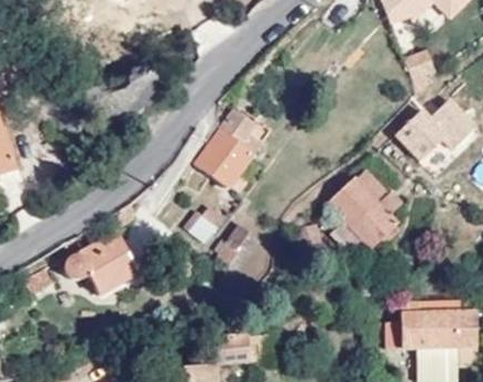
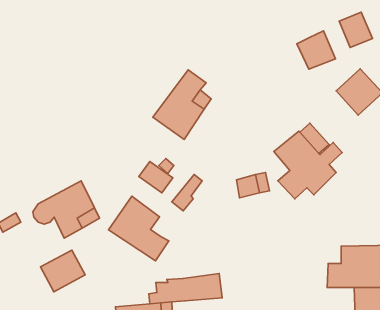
building: none -> [297,31,335,69]
building: none -> [109,196,169,261]
building: none -> [41,250,85,292]

